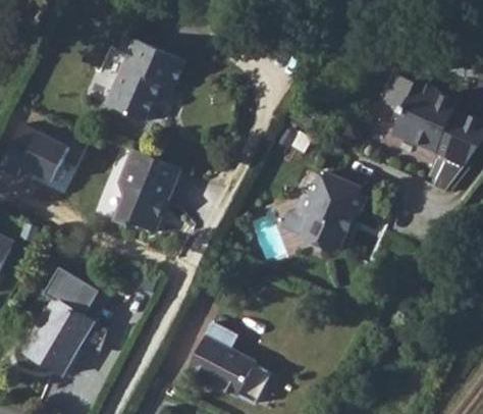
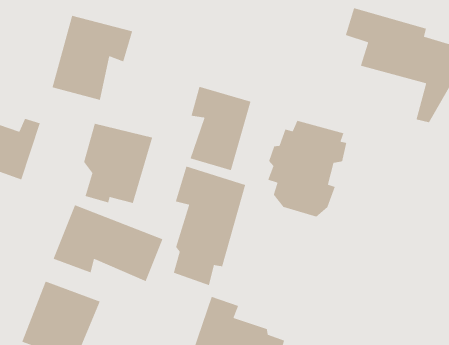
building: none -> [190,86,251,171]
building: none -> [173,166,246,286]
building: none -> [53,204,163,282]

